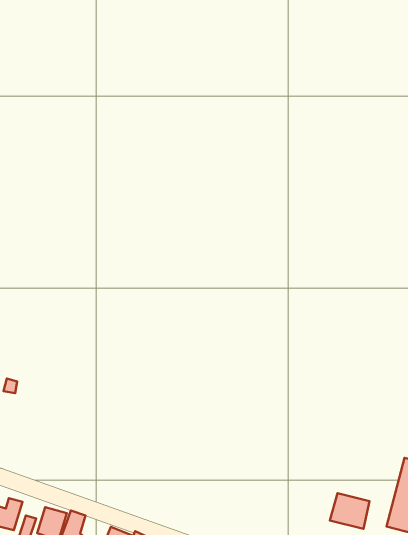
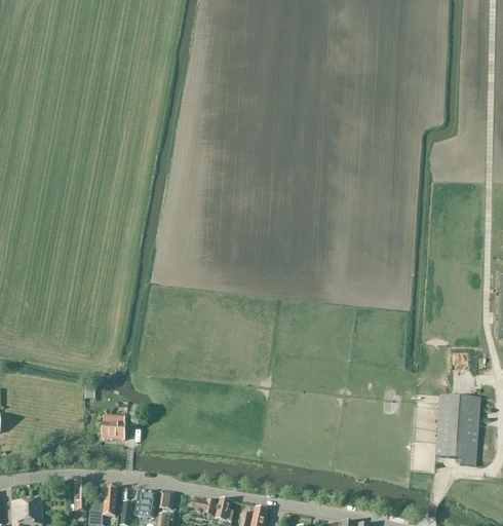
building: none -> [102,416,125,440]
building: [330,493,370,529] -> none

